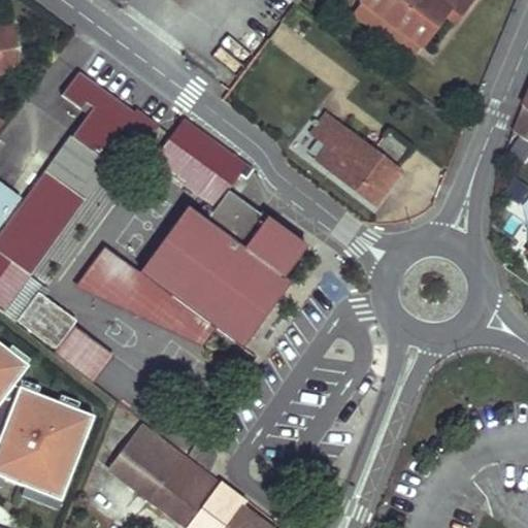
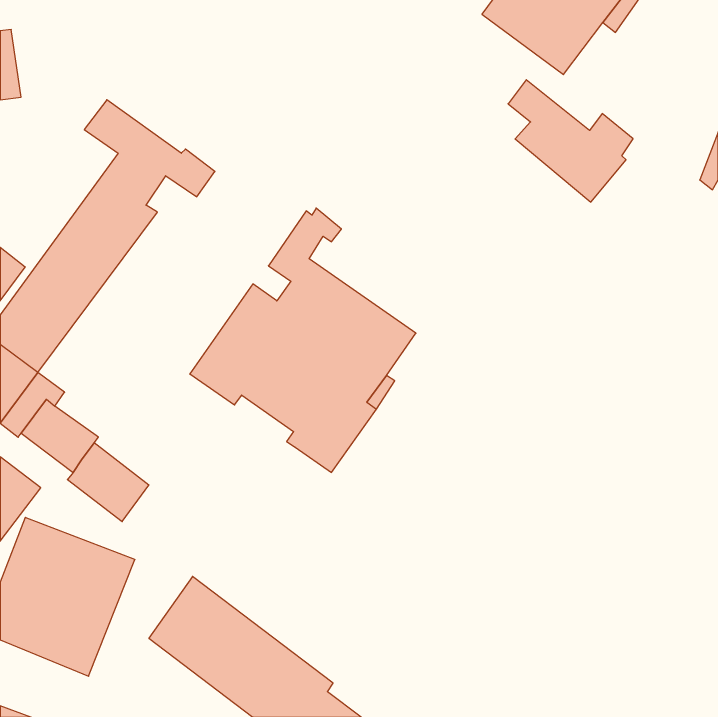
building: [152,116,228,195] -> none
building: [314,116,405,205] -> [508,80,633,202]
building: [74,249,217,346] -> none

